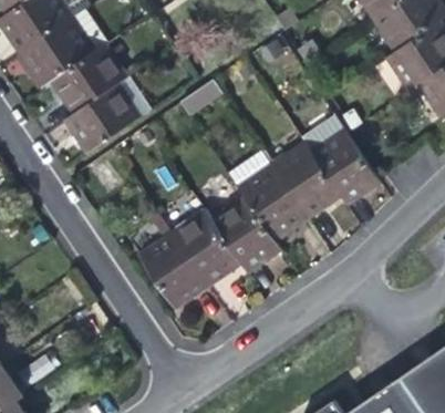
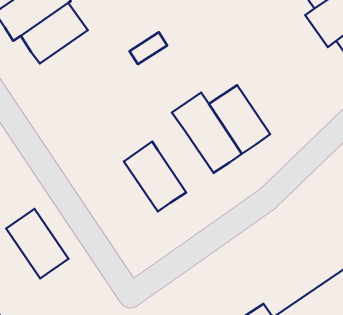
building: [63,75,151,152] -> none
building: [302,116,381,207] -> none
building: [210,195,281,276] -> none
building: [137,230,210,312] -> [6,209,68,279]

